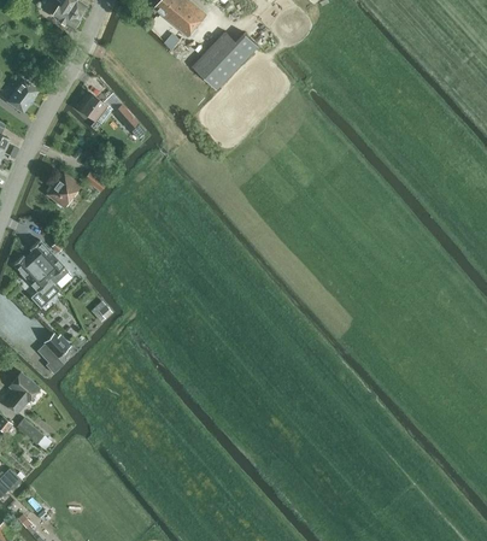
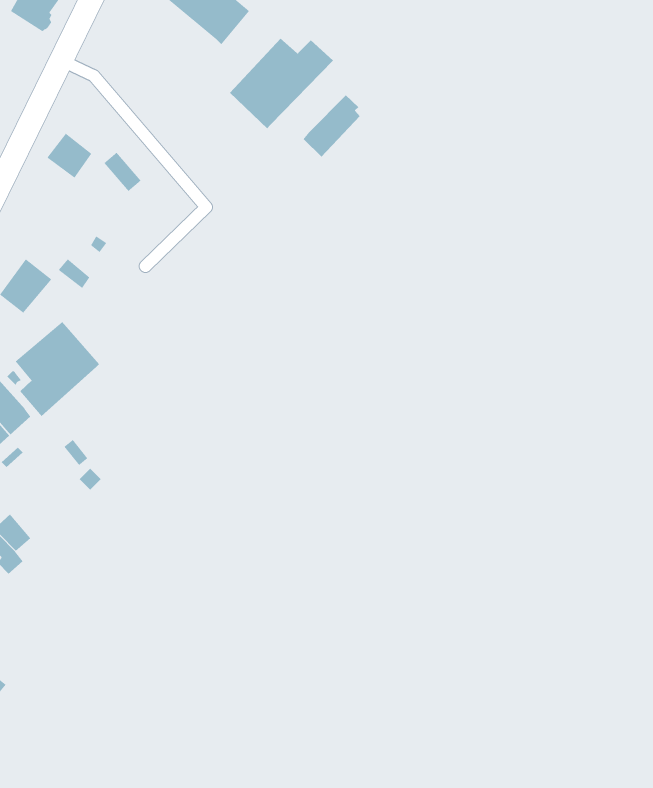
building: none -> [303,94,361,157]
building: none -> [15,321,100,417]

